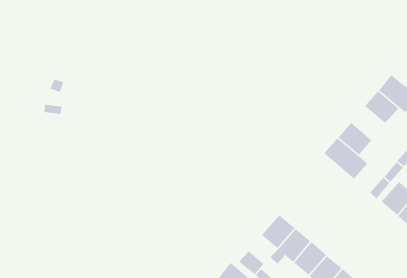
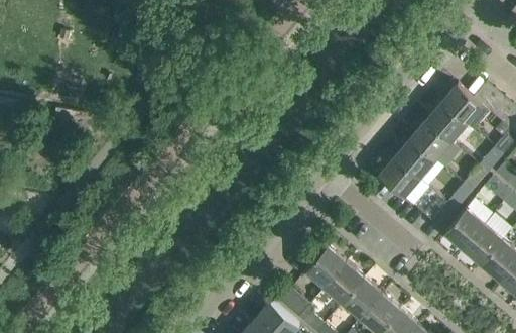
building: none -> [412,125,452,164]

